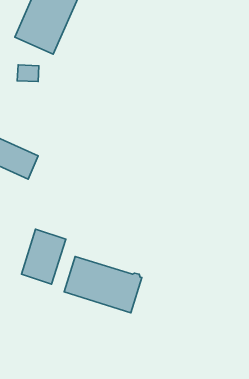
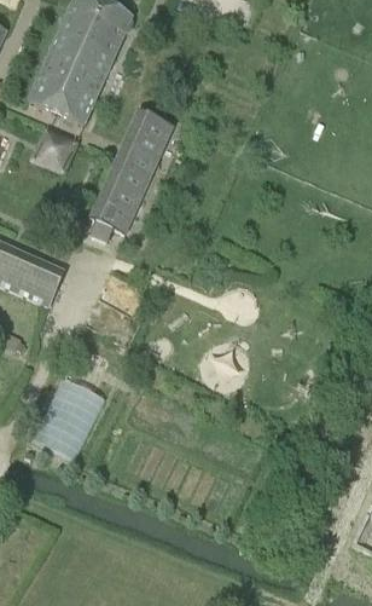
building: none -> [93,111,174,242]
building: [64,257,142,313] -> none

